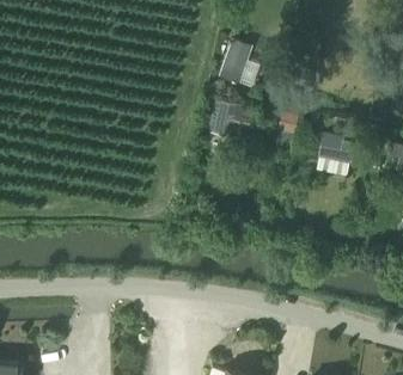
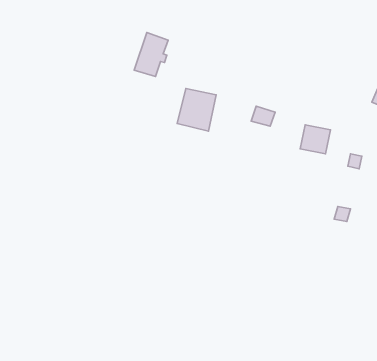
building: [219,42,251,84] -> [134,32,168,76]

